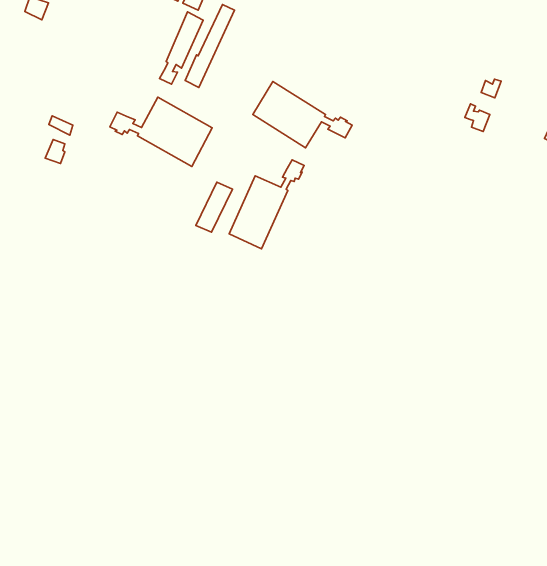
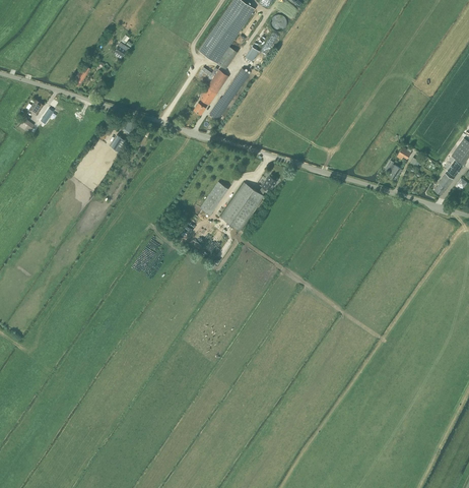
building: [253,81,352,148] -> none
building: [110,97,212,167] -> none

